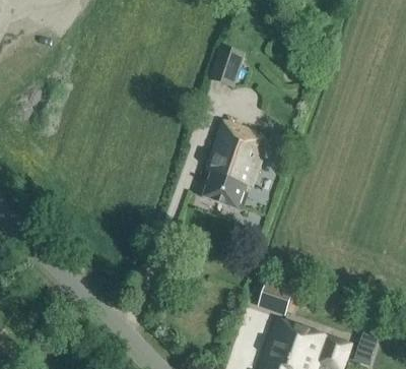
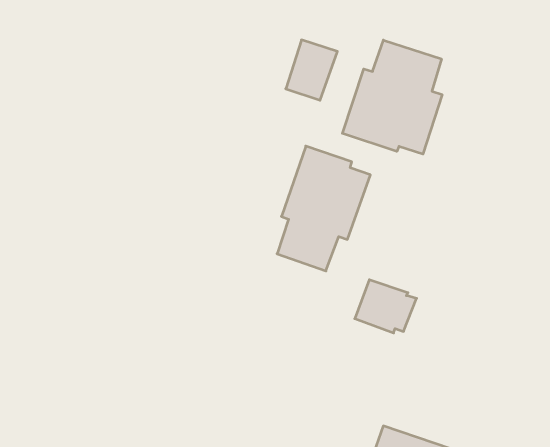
building: none -> [342,40,442,154]
building: [258,278,301,315] -> [355,280,417,333]

